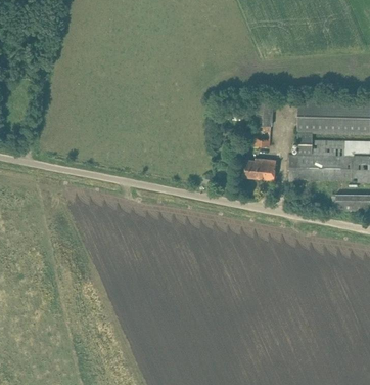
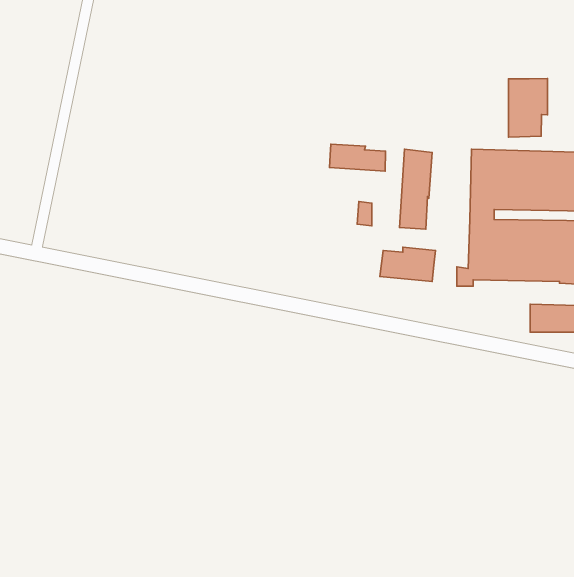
building: none -> [509,78,548,137]
building: none -> [330,144,385,171]

